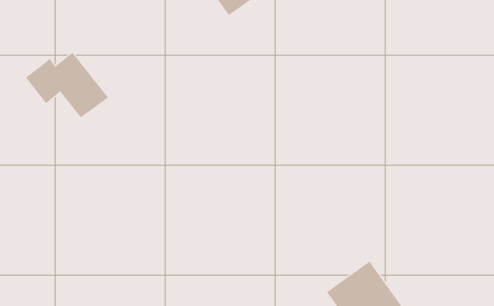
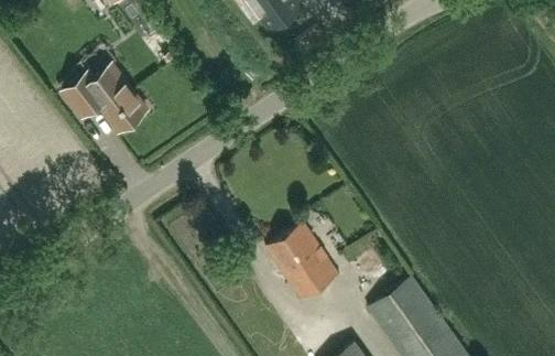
building: none -> [264,222,338,300]

